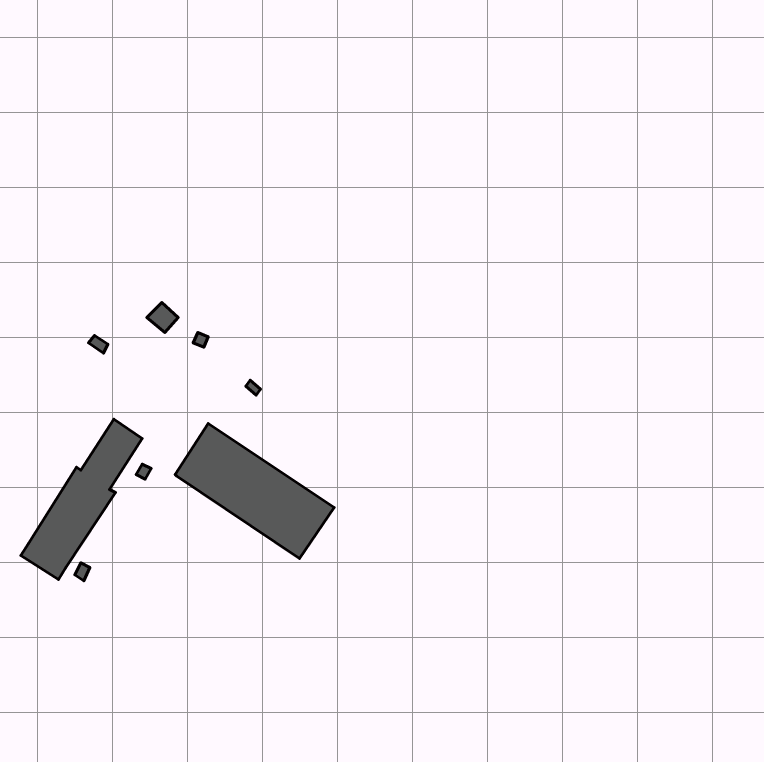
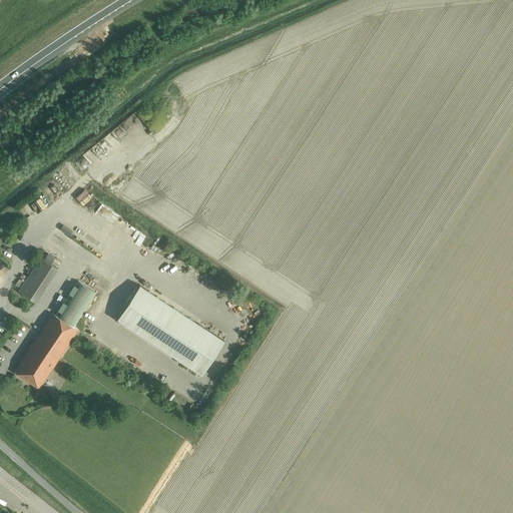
building: none -> [18,259,57,305]

